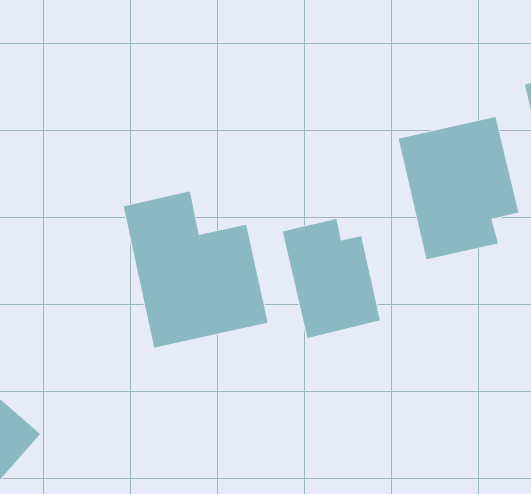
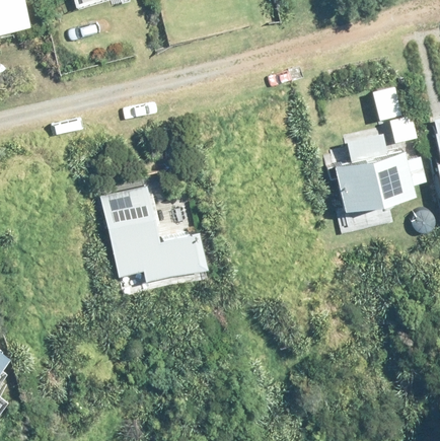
building: [282,218,381,339] -> none

